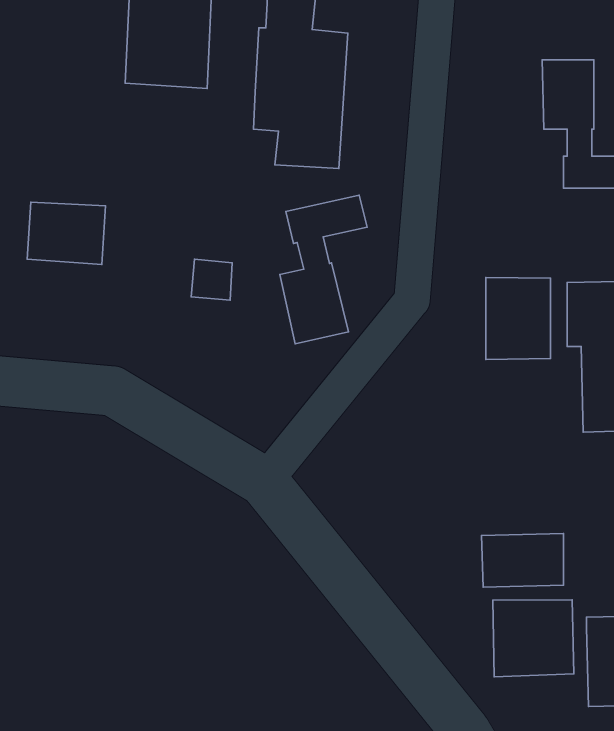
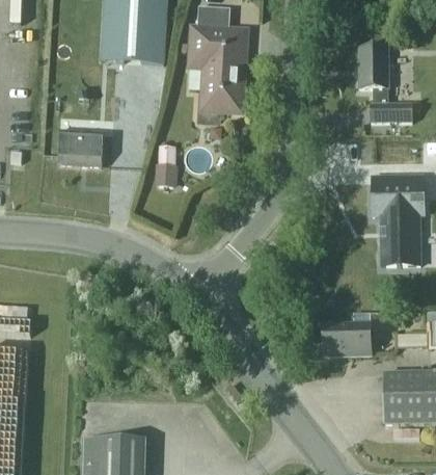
building: [280,195,367,344] -> none
building: [486,278,551,360] -> none
building: [493,600,574,677] -> none

